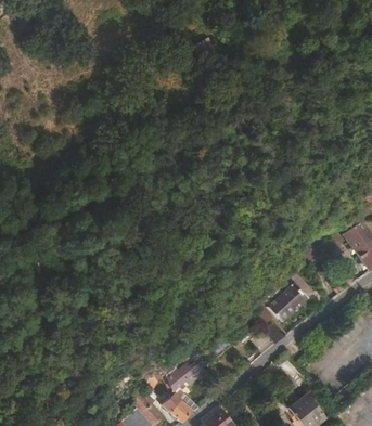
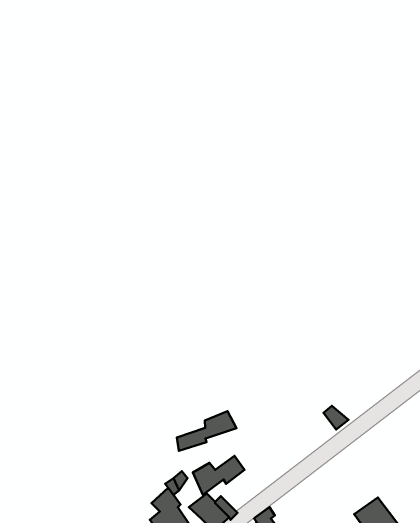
building: [267,279,307,321] -> none
building: none -> [177,411,237,451]

